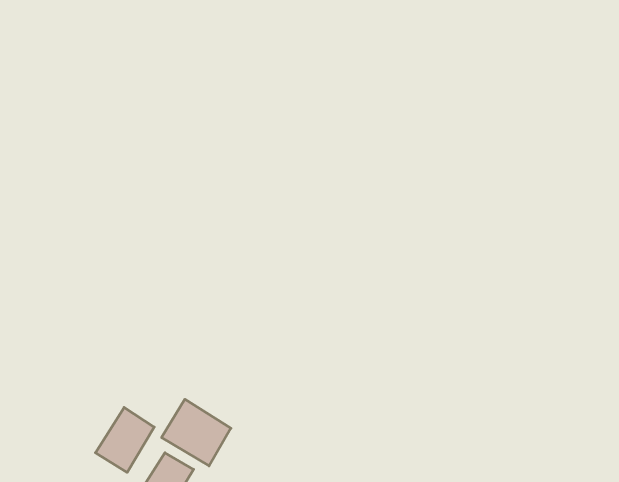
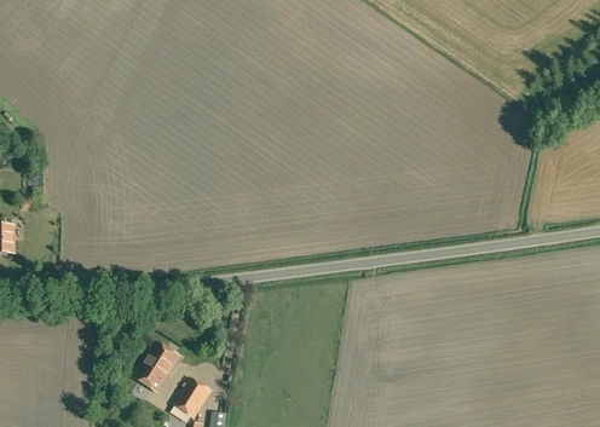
building: [162,399,231,466] -> none

